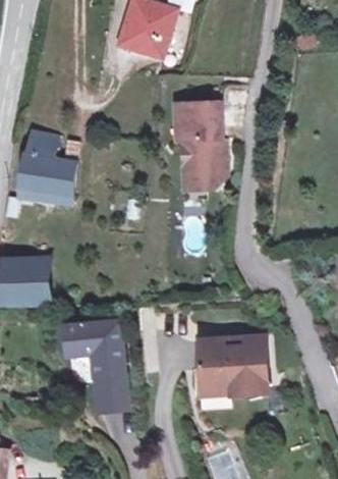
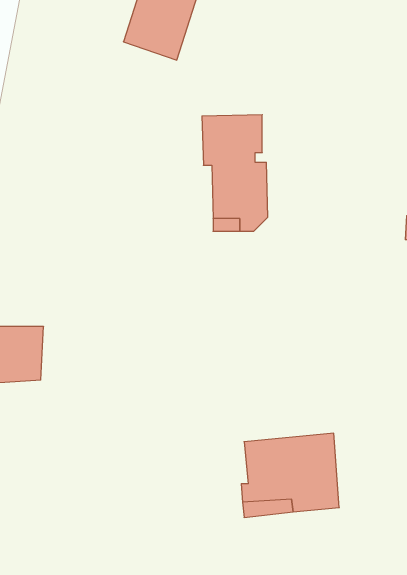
building: [26,145,76,193] -> none
building: [66,321,129,412] -> none

